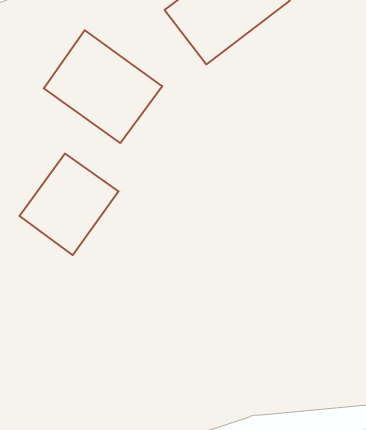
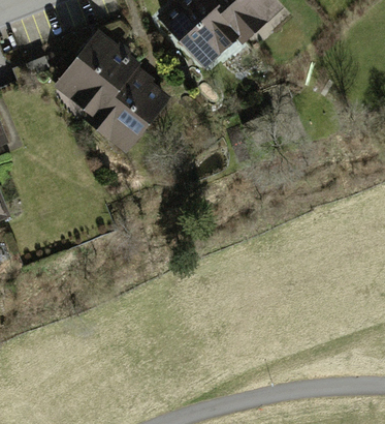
building: [19,154,119,255] -> none

